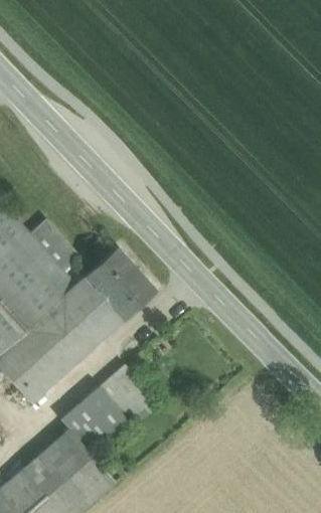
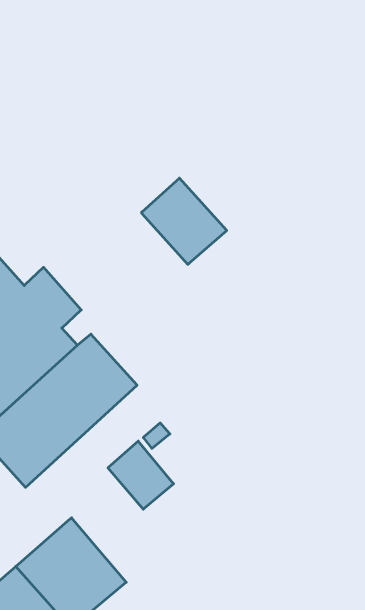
building: [86,247,156,319] -> [142,178,227,264]
building: [60,387,129,454] -> none

